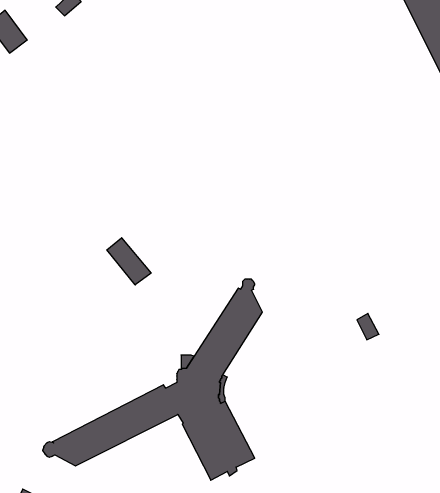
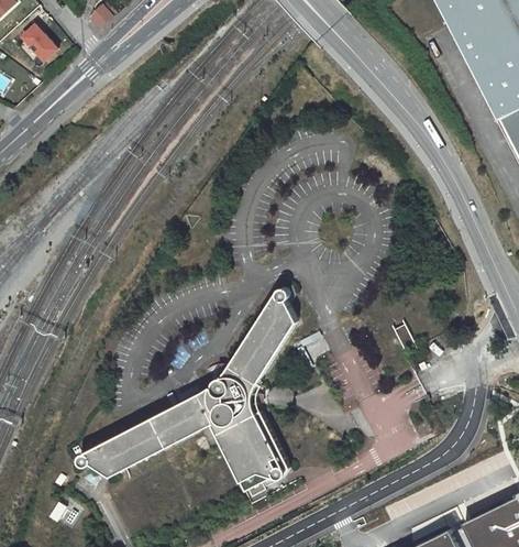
building: [107,238,151,285] -> none

